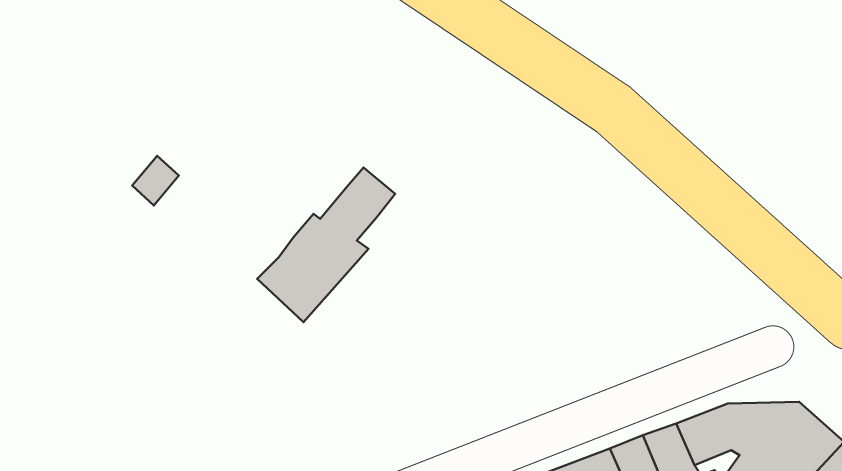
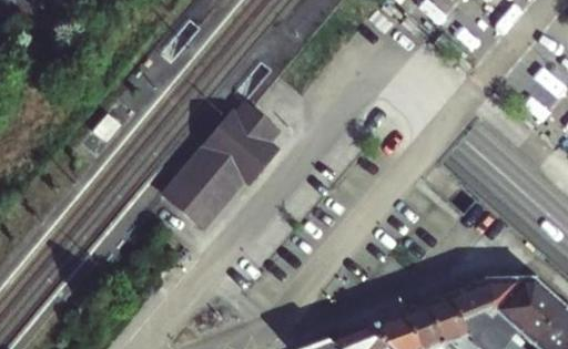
building: none -> [211,109,278,183]

